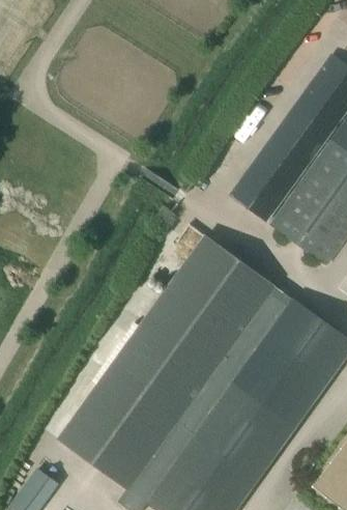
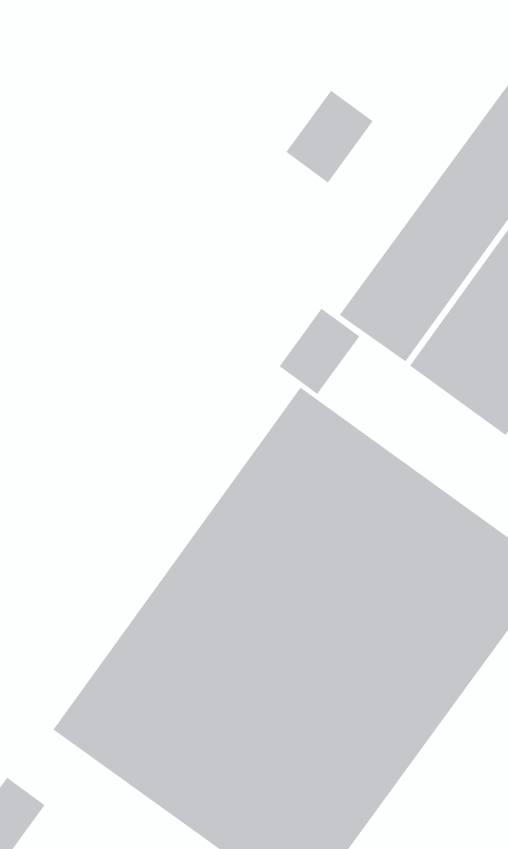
building: none -> [285,90,373,183]
building: none -> [279,308,360,395]

